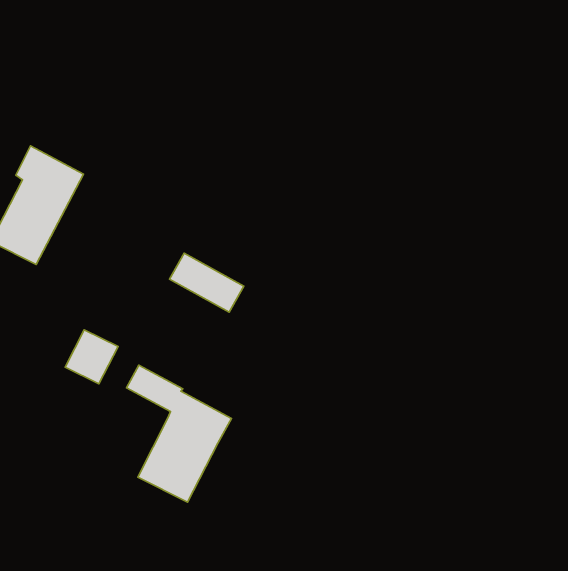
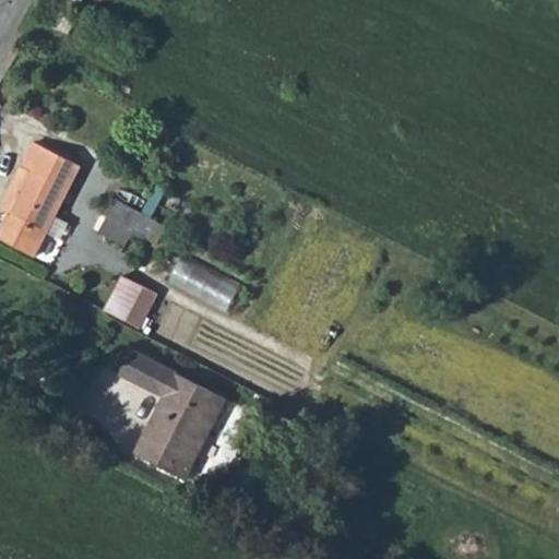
building: none -> [98,197,147,252]
building: [65,330,118,384] -> [97,269,148,321]

